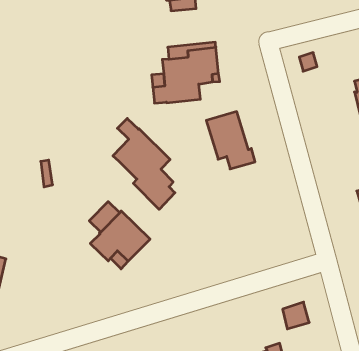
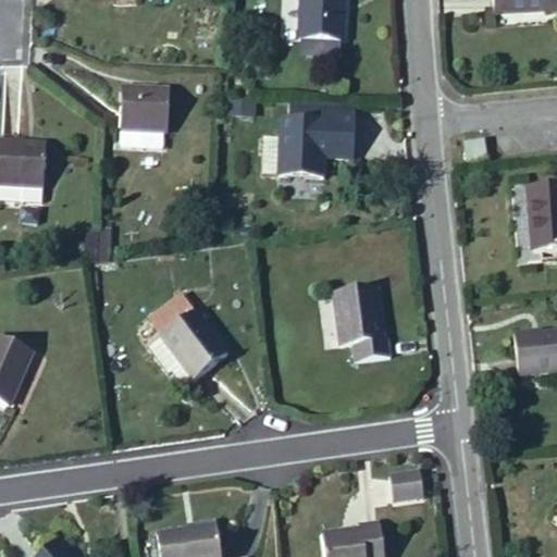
building: none -> [120,86,169,147]
building: [206,112,255,169] -> [334,286,391,361]
building: [113,118,175,209] -> none

